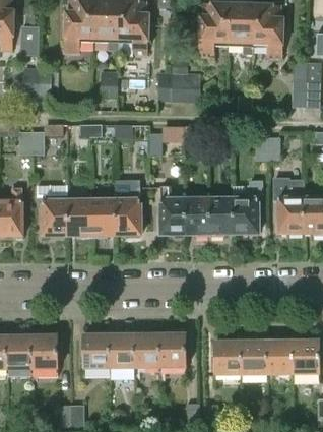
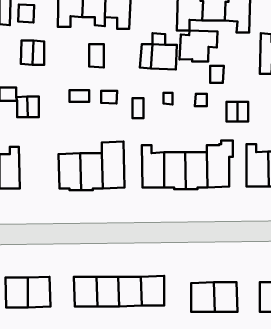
building: none -> [180,31,218,62]
building: [36,186,67,236] -> none
building: [266,341,293,374] -> none

